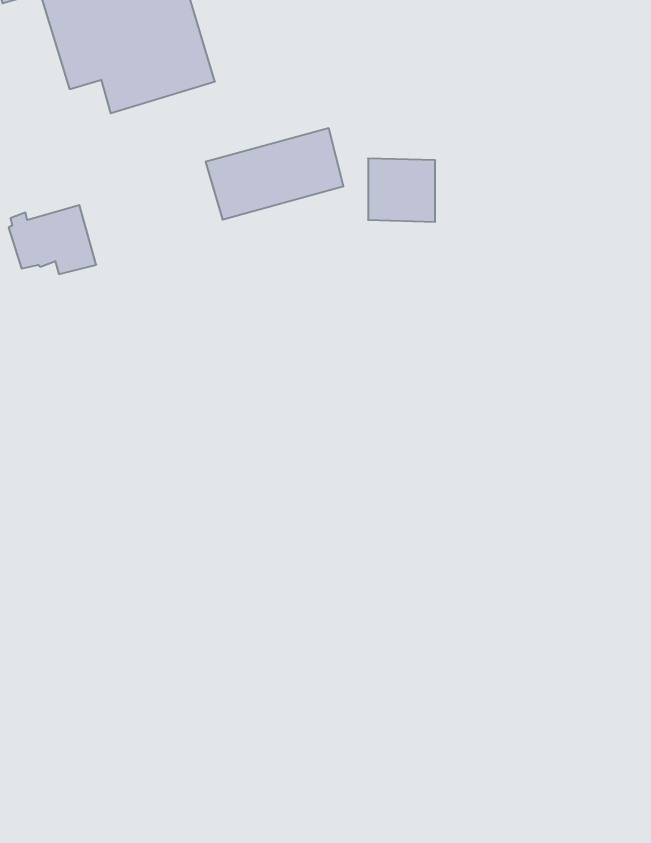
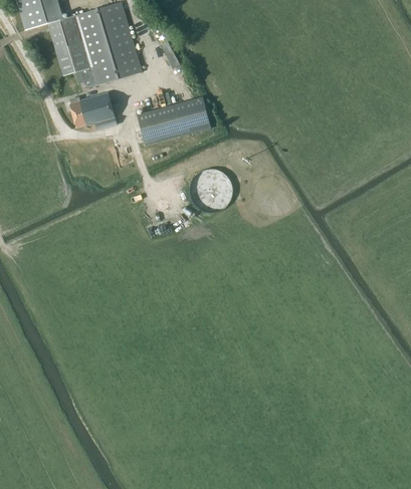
building: [368,158,435,222] -> [195,172,231,206]
building: [9,205,96,274] -> [69,91,117,129]

